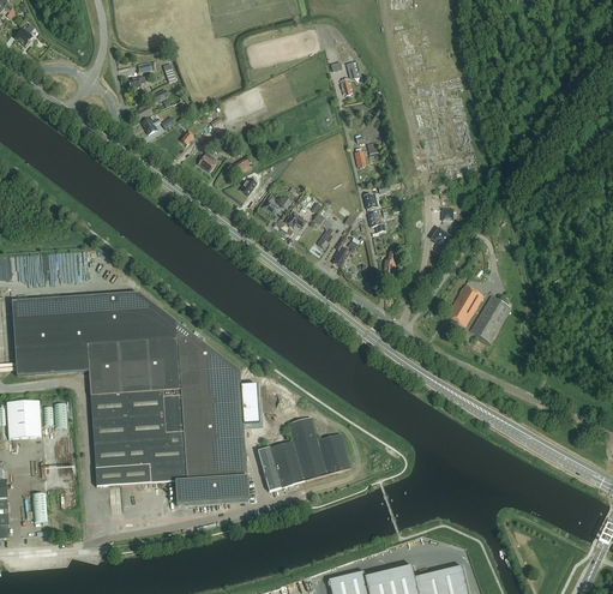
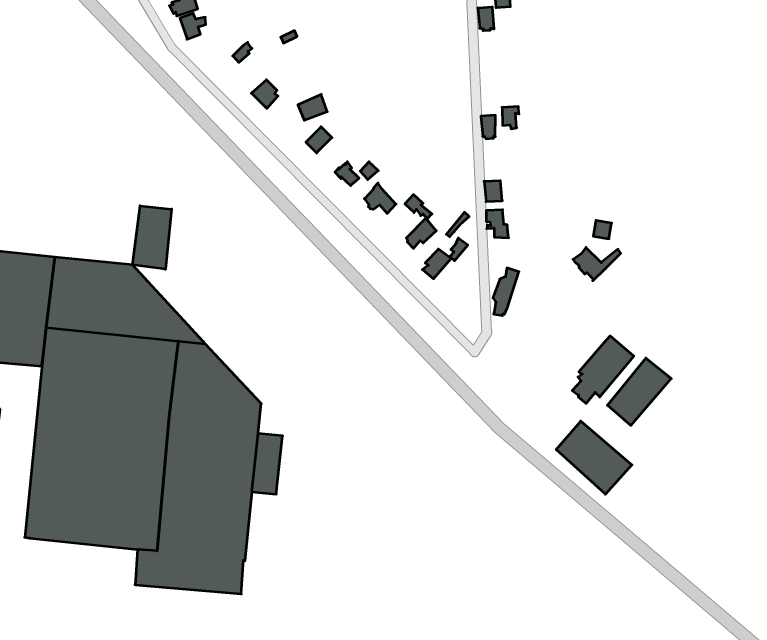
building: none -> [132,206,172,269]
building: none -> [556,421,632,494]
building: [257,416,350,491] -> none

